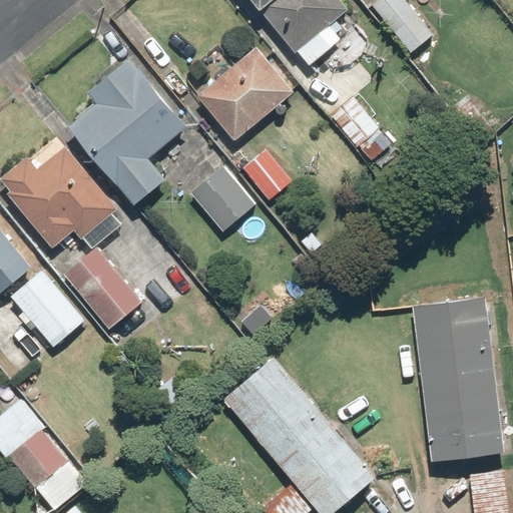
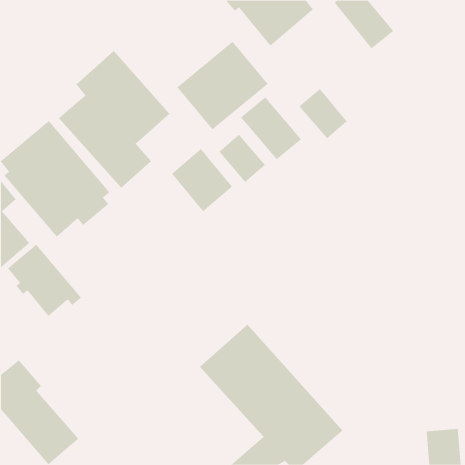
building: none -> [240,96,302,160]
building: [63,245,143,330] -> none
building: [408,294,503,464] -> none

